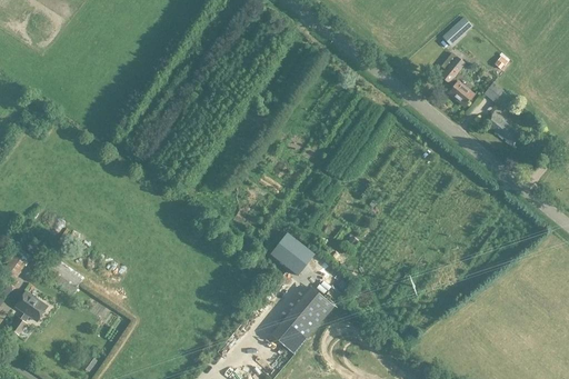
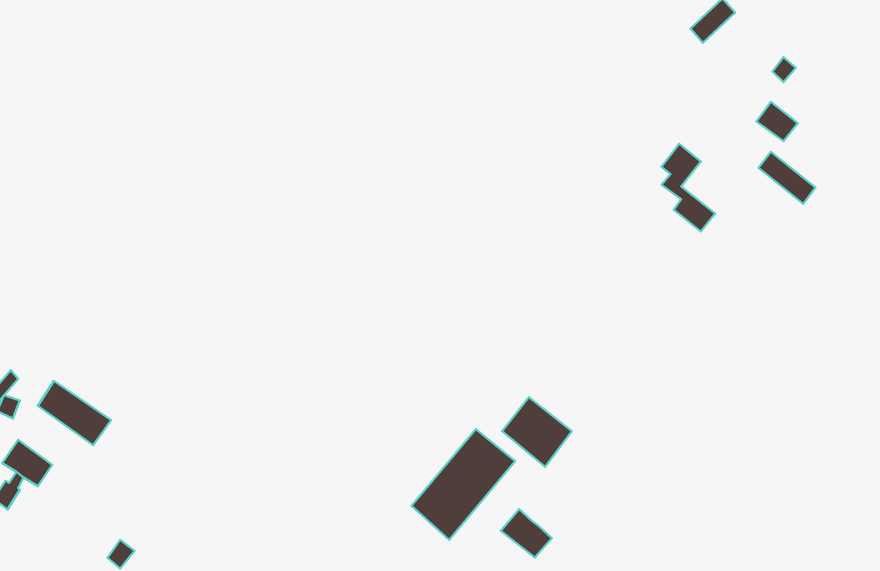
building: [440,51,473,106] -> [661,144,715,231]
building: [270,232,313,276] -> [502,397,572,467]
building: none -> [501,509,552,558]

